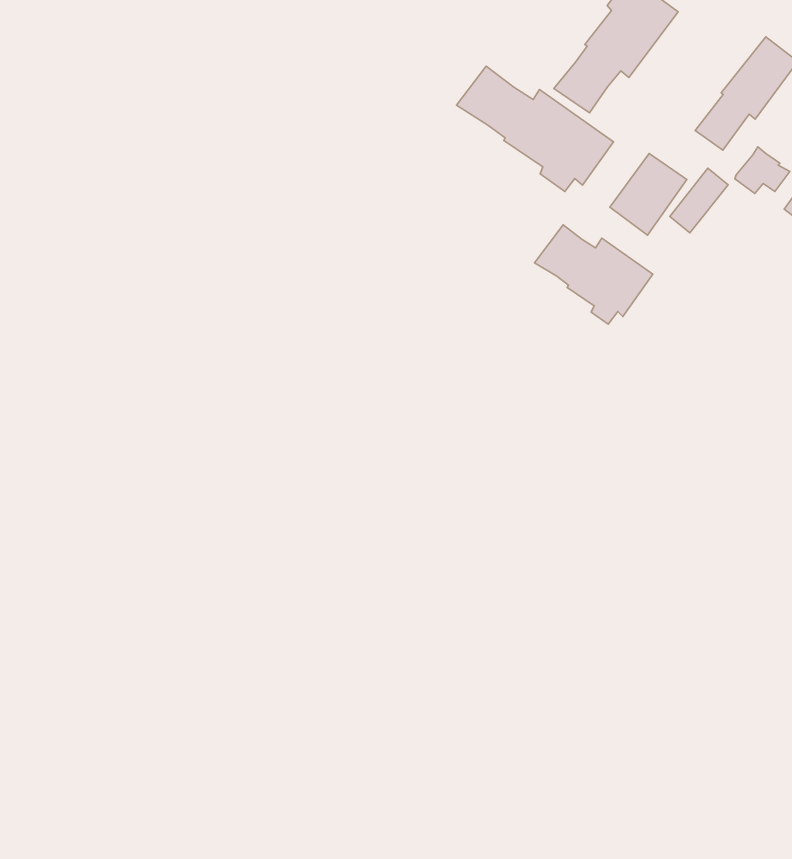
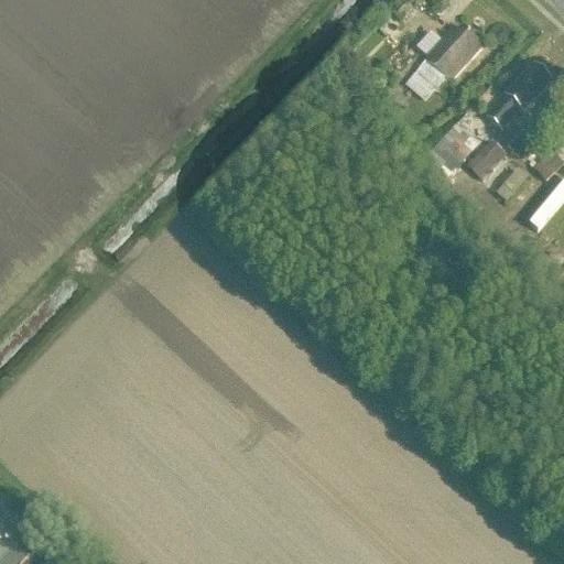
building: [456,66,614,191] -> none
building: [535,225,653,324] -> none

